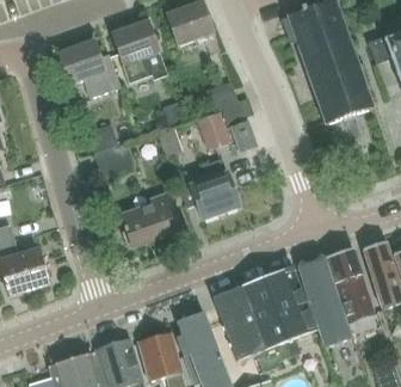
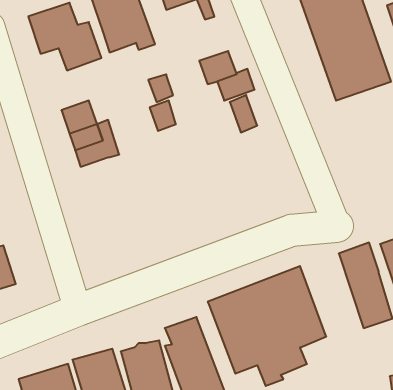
building: [196,110,232,150] -> none
building: [181,158,239,217] -> none
building: [118,192,178,247] -> none
building: [297,257,348,339] -> none

